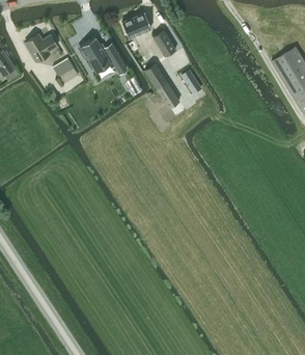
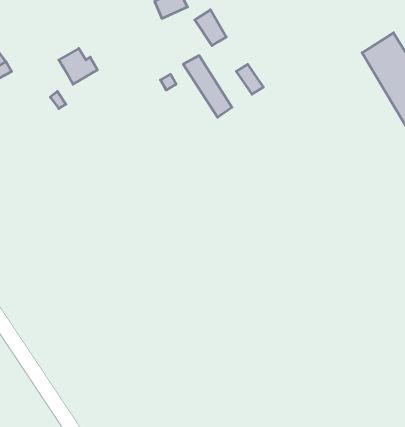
building: [25,34,57,61] -> none
building: [80,36,122,69] -> none

